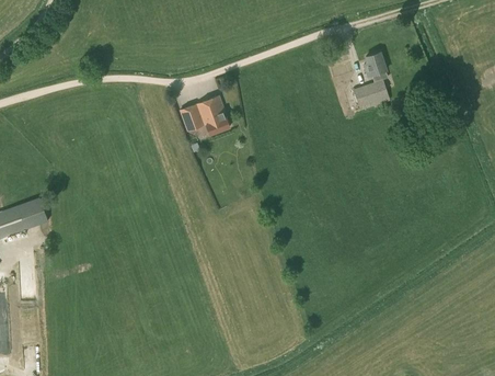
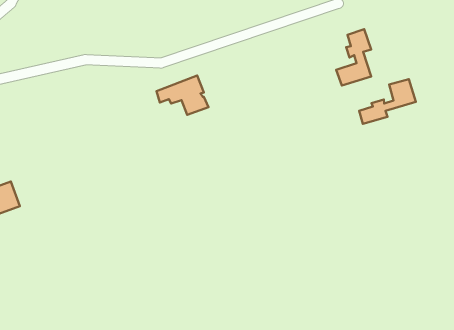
building: none -> [359,79,416,124]

